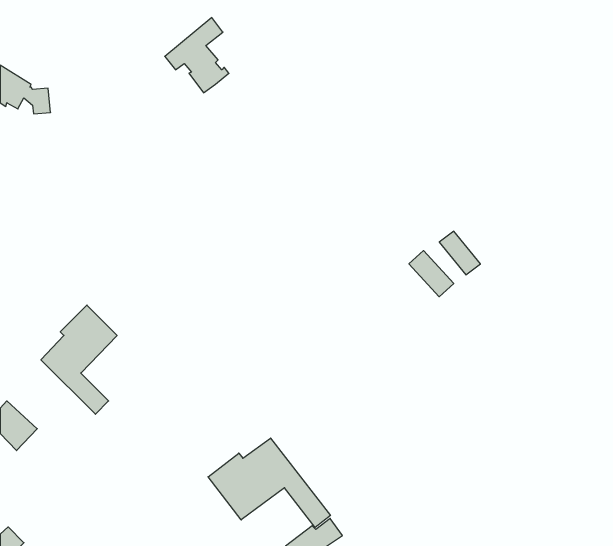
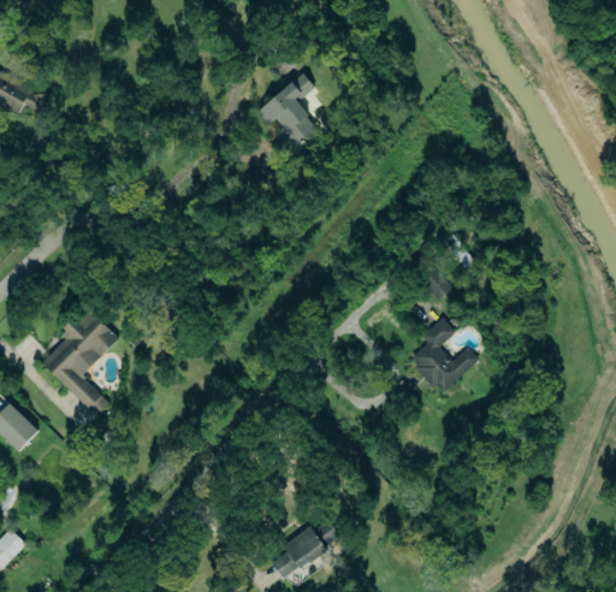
building: [165,18,229,93] -> [256,72,320,147]
building: none -> [411,316,479,391]
building: [208,438,330,527] -> none

